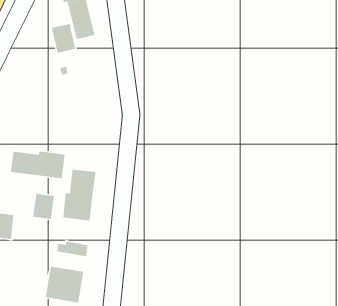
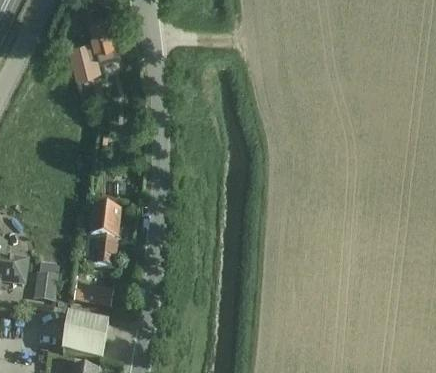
building: [10,150,66,179] -> none
building: [32,193,55,220] -> [32,269,58,300]

